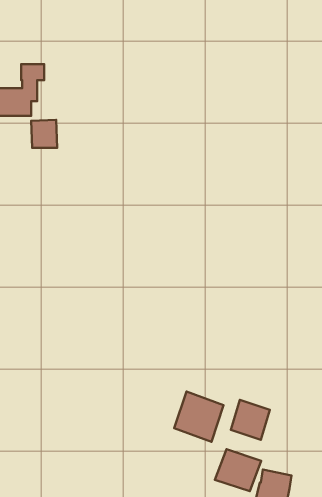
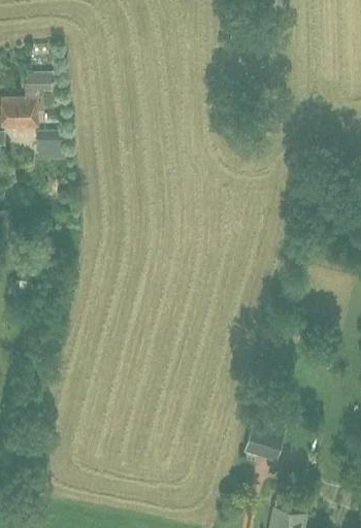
building: [174,392,224,442] -> none
building: [215,449,261,491] -> none

